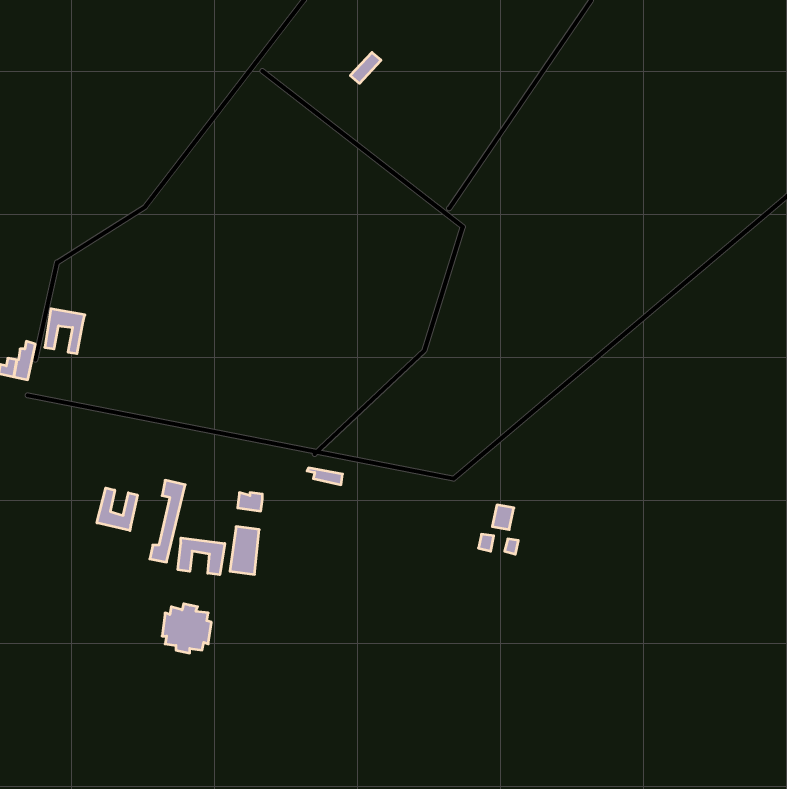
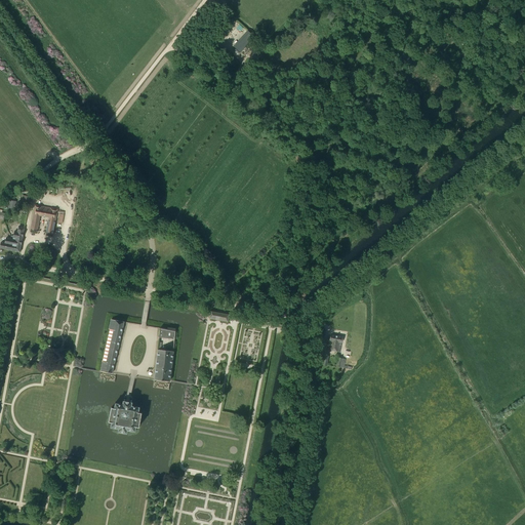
building: [97,488,137,531] -> none
building: [178,538,225,575] -> none

